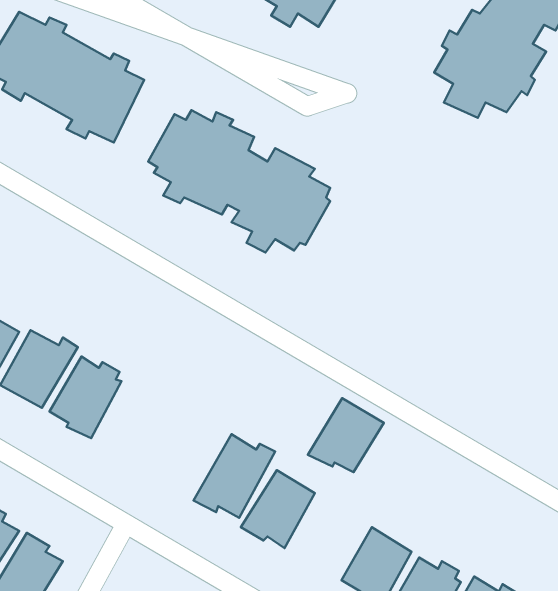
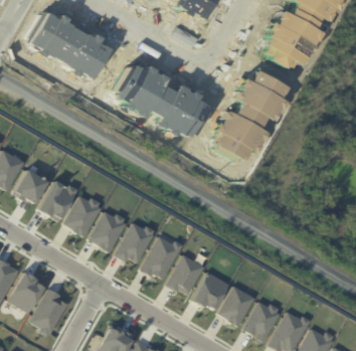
building: none -> [215,69,290,161]
building: none -> [87,210,126,253]
building: [308,398,384,472] -> [188,271,228,310]
building: none -> [113,221,153,264]

